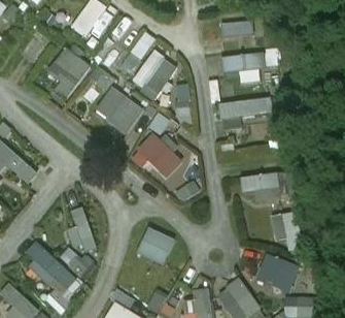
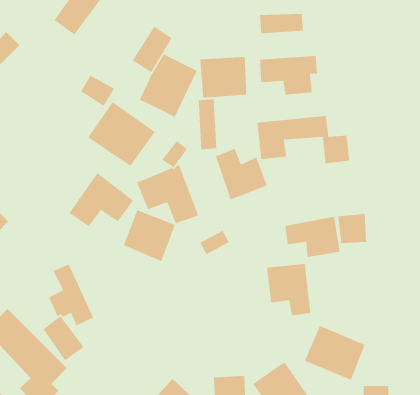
building: [42,49,89,98] -> none
building: none -> [200,56,247,98]
building: none -> [215,148,268,201]
building: none -> [68,172,134,227]
building: [270,212,303,251] -> [266,263,311,316]
building: [135,227,174,266] -> [123,209,176,262]

